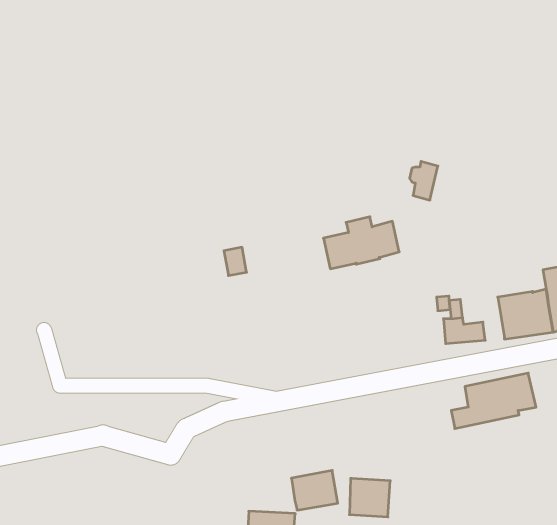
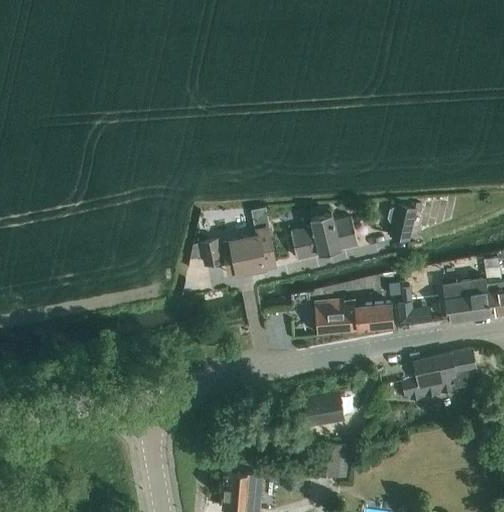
building: [410,161,438,200] -> [388,205,413,239]
building: none -> [224,208,277,276]
building: none -> [314,300,394,335]
building: [291,470,338,510] -> [304,391,345,426]

